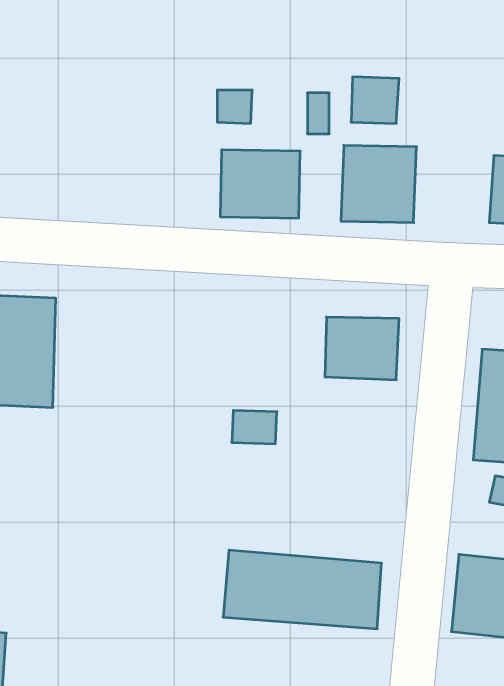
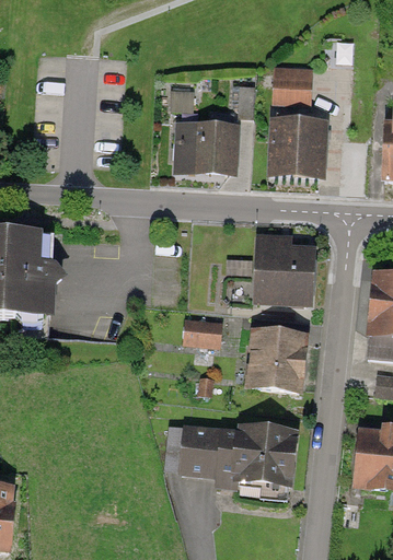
building: none -> [247,327,307,392]

